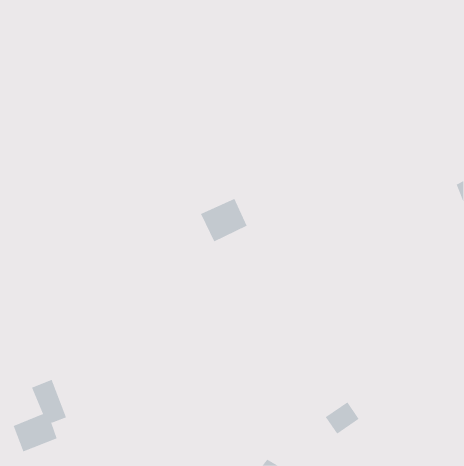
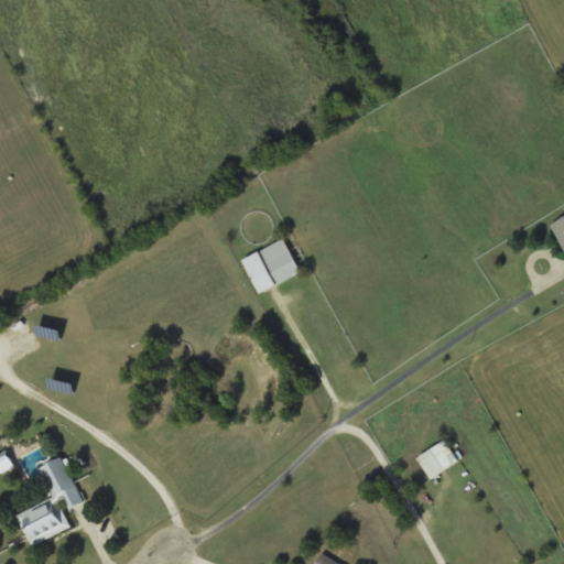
building: [325,402,360,434] -> [415,440,457,479]

